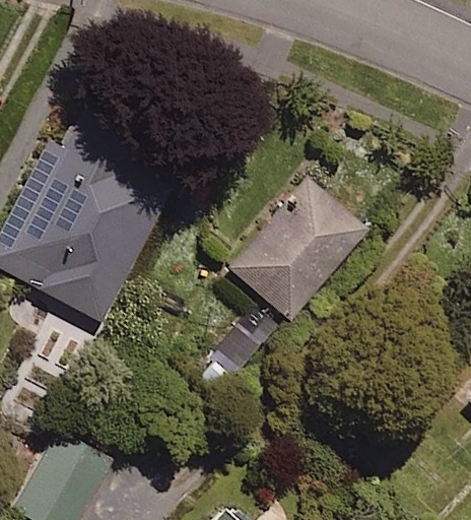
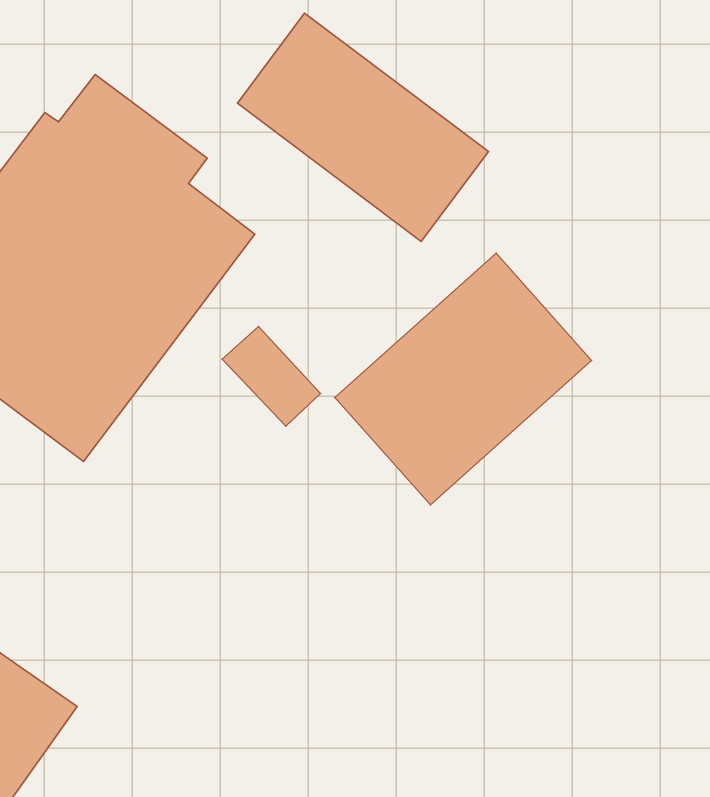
building: none -> [238,13,488,241]

